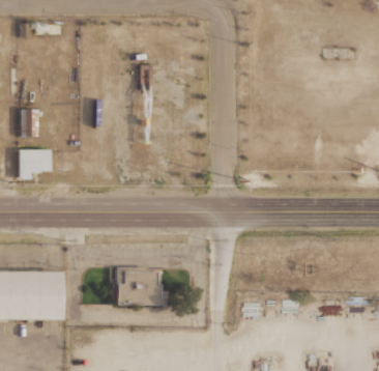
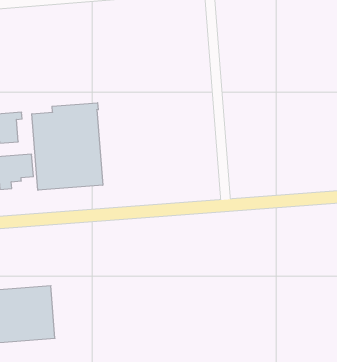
building: none -> [32,103,103,190]
building: [117,267,170,305] -> none

